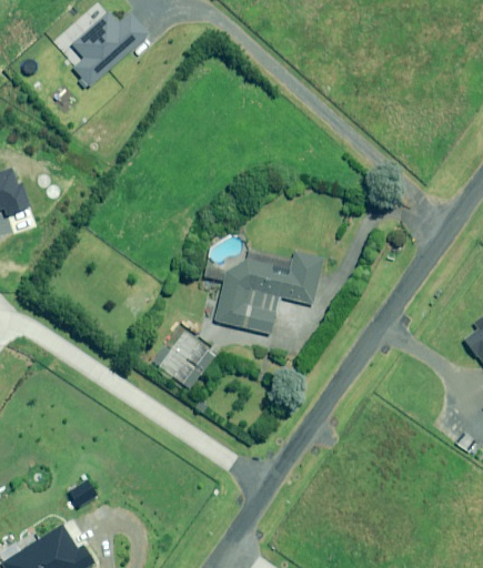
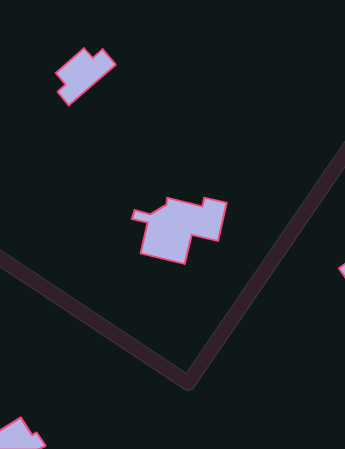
building: [71,12,147,84] -> [56,48,116,106]
building: [151,326,214,388] -> none

